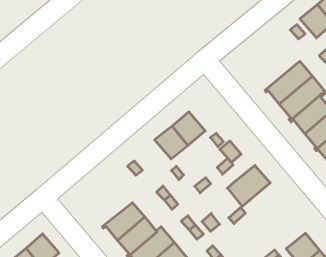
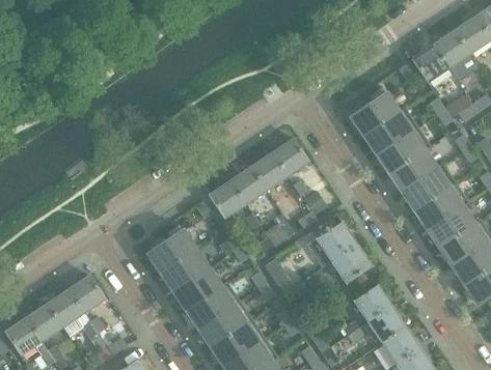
building: none -> [351,87,405,137]
building: none -> [271,138,308,176]
building: none -> [208,180,245,219]
building: none -> [147,224,195,274]
building: none -> [330,244,371,284]
building: none -> [352,285,390,321]

